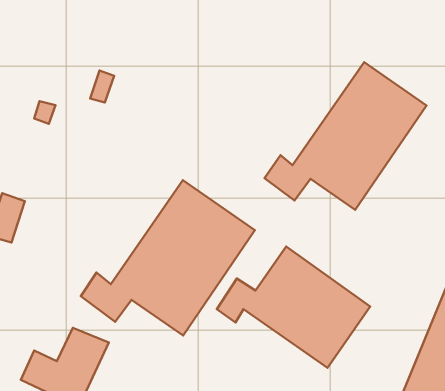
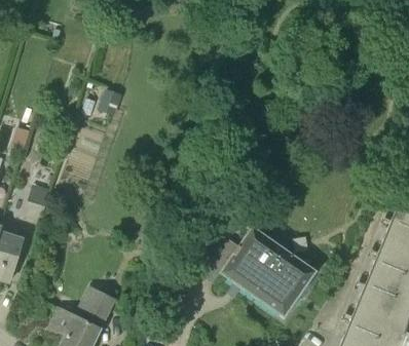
building: [265,62,426,210] -> none
building: [81,180,255,336] -> none

